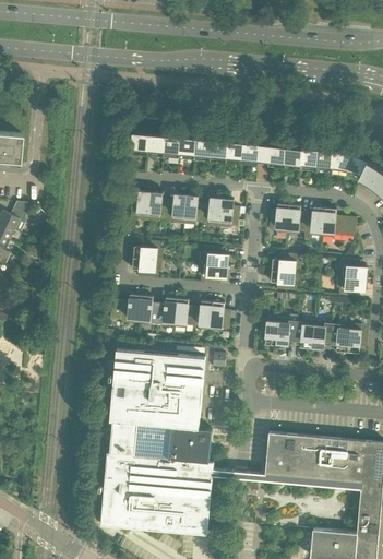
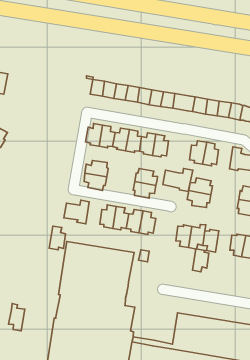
building: [306,206,325,237] -> none
building: none -> [163,168,193,192]
building: [140,295,159,325] -> [49,226,65,250]
building: [313,320,333,349] -> [193,249,209,272]
building: none -> [9,304,25,331]

